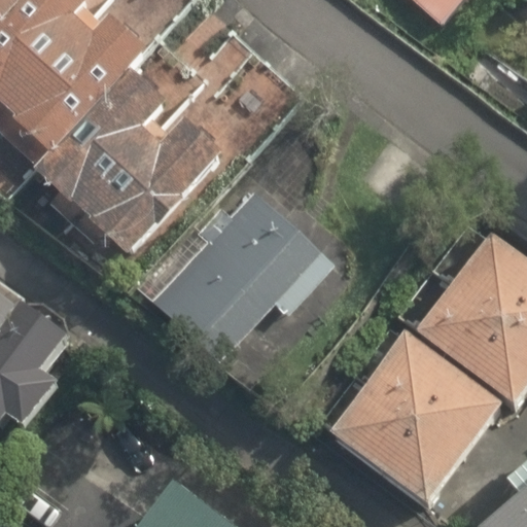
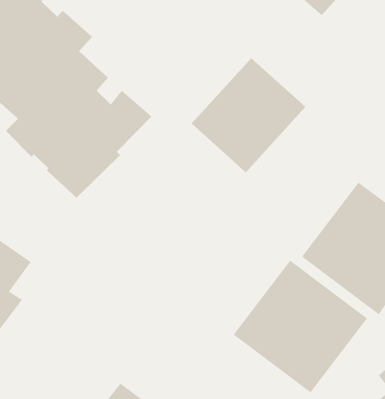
building: none -> [191,57,306,173]
building: [156,189,333,358] -> none

